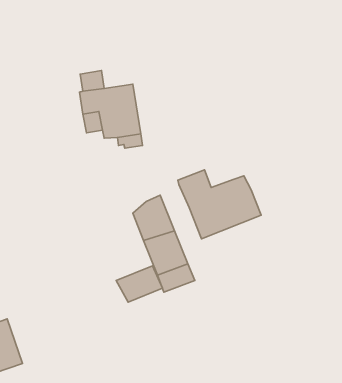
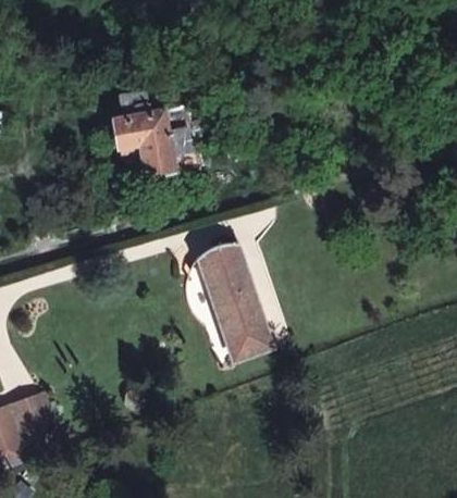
building: [178,170,261,239] -> none
building: [116,266,162,302] -> none

